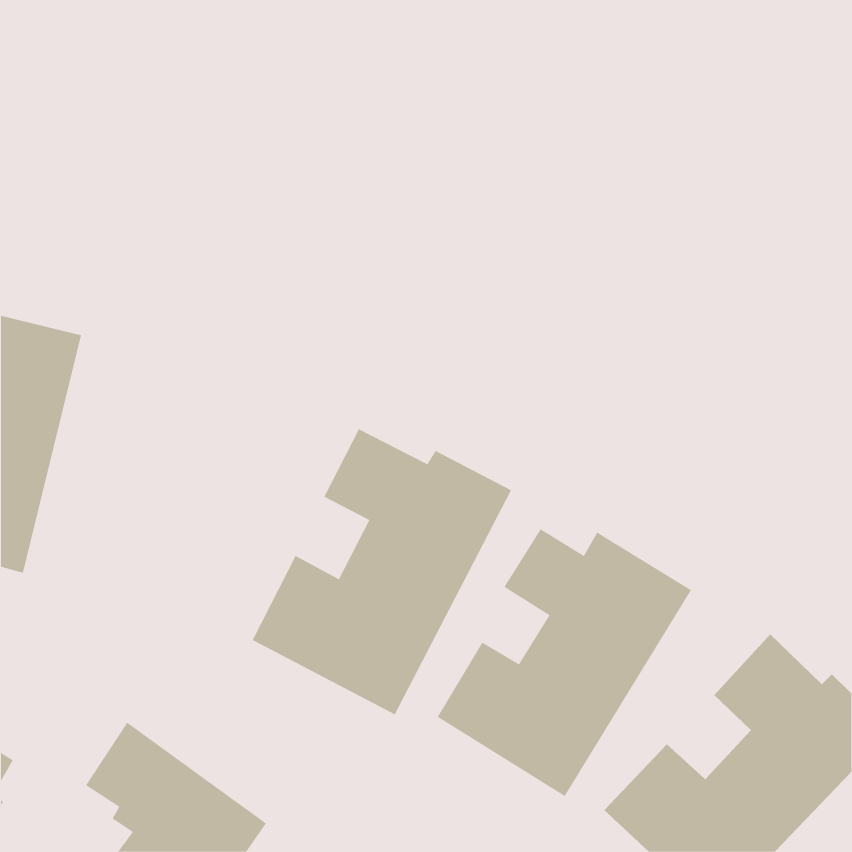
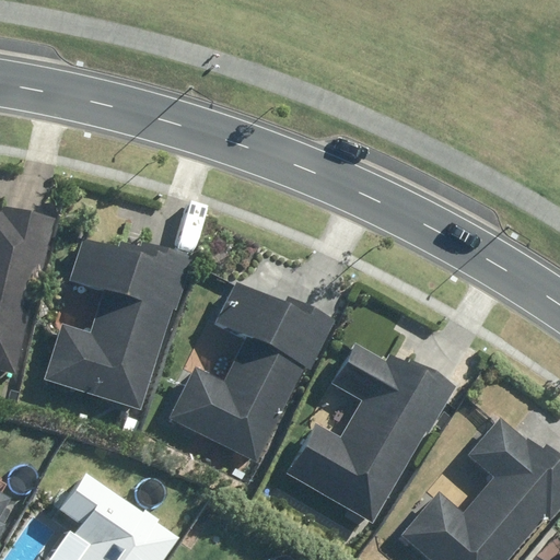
building: none -> [38,235,191,412]

